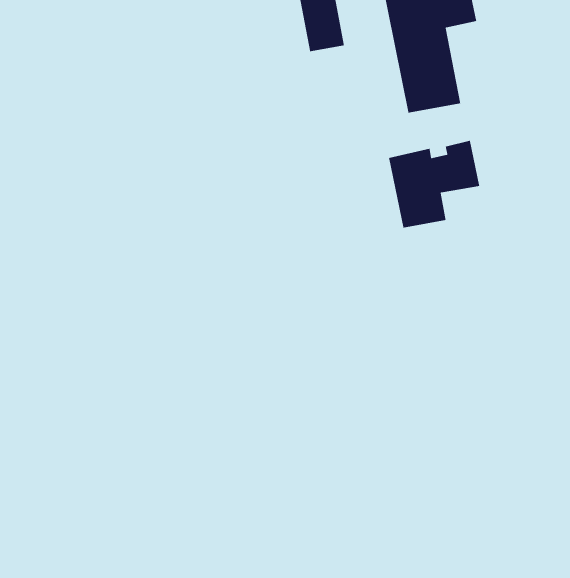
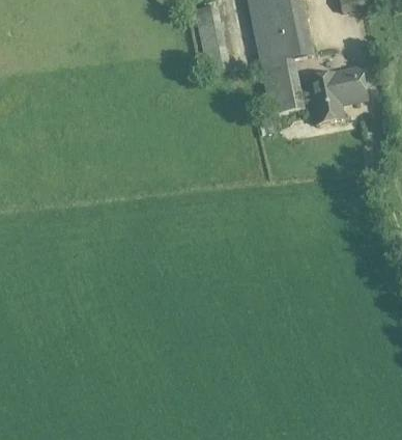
building: [388,140,480,229] -> [308,64,367,121]

